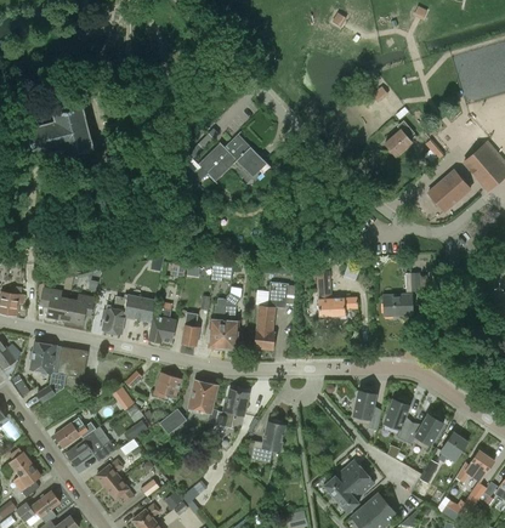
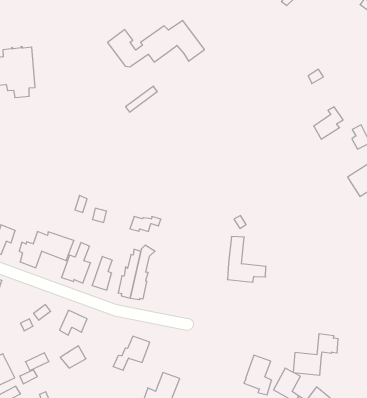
building: [164,135,265,191] -> [108,20,204,67]
building: [382,273,426,317] -> [293,334,338,375]
building: [254,282,288,350] -> none
building: [188,380,219,425] -> none

